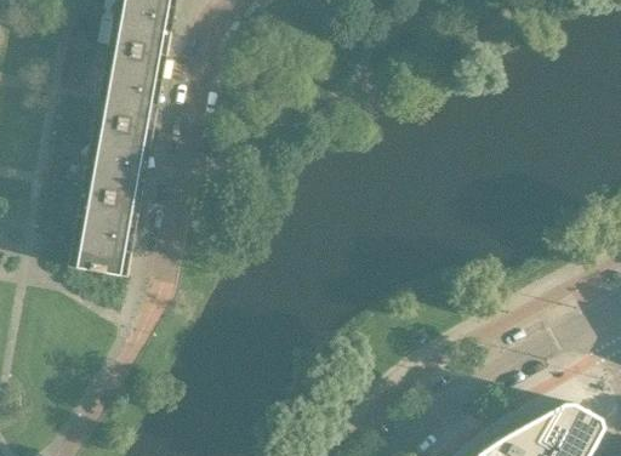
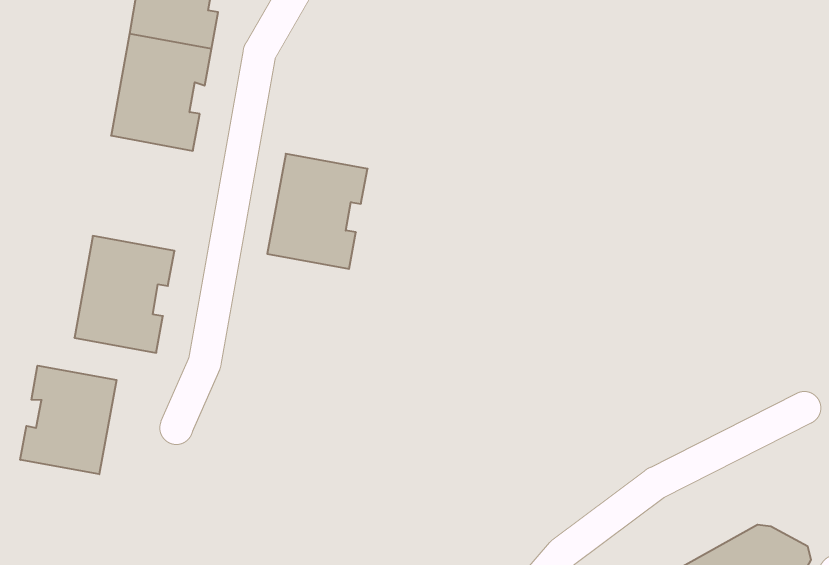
building: [81,120,154,204] -> [267,154,368,269]
building: none -> [20,366,117,474]

